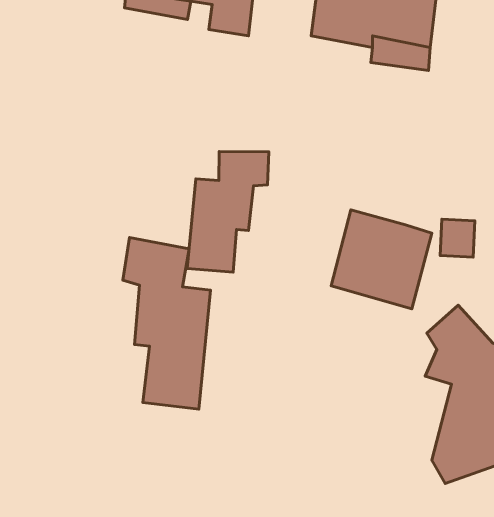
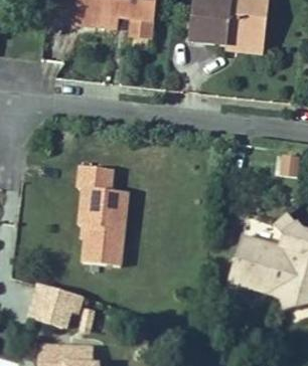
building: [187,152,269,272] -> none
building: [331,210,432,309] -> [215,237,277,298]
building: none -> [33,282,87,325]

